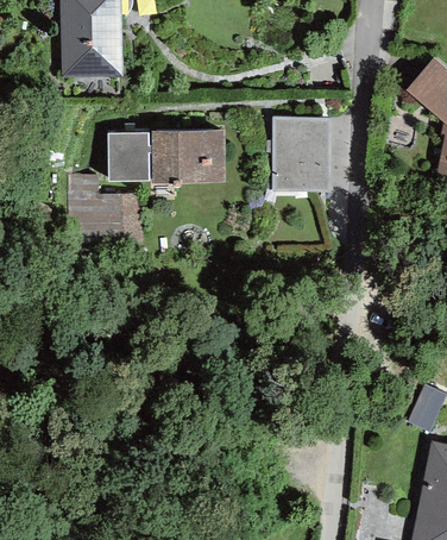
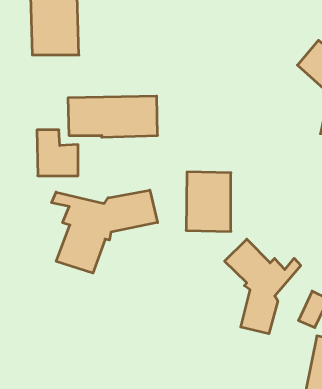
building: [271,115,329,193] -> [186,172,231,231]
building: none -> [52,190,158,273]
building: none -> [225,239,301,334]

